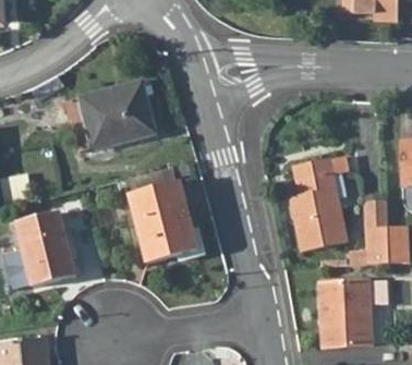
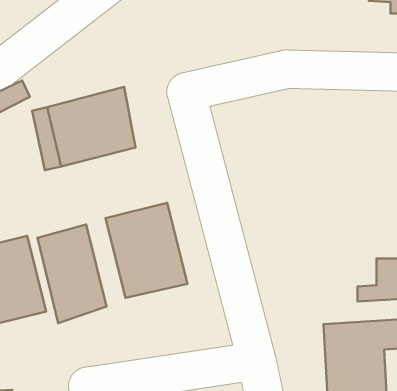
building: [287,159,341,250] -> none
building: none -> [37,224,107,323]

